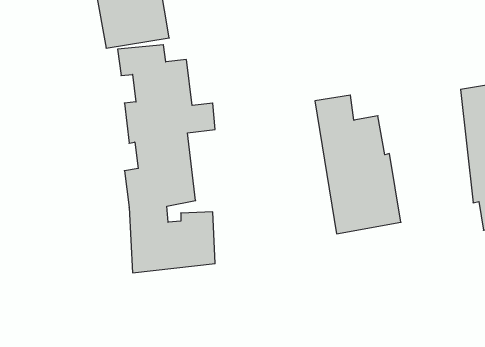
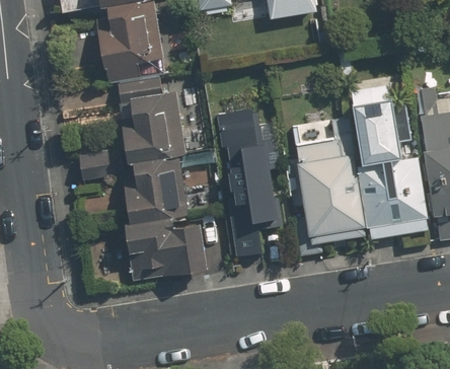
building: none -> [350,98,427,243]
building: none -> [213,105,281,229]

